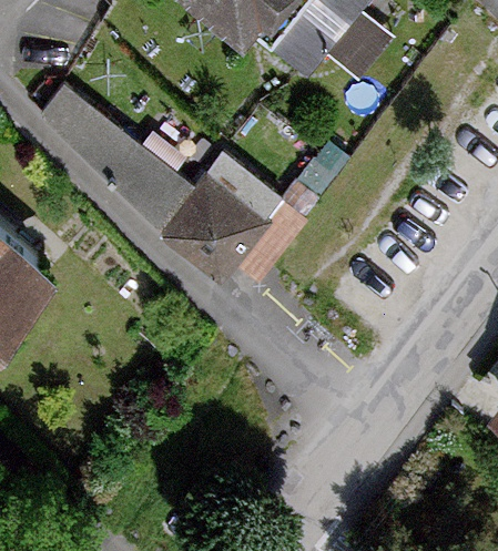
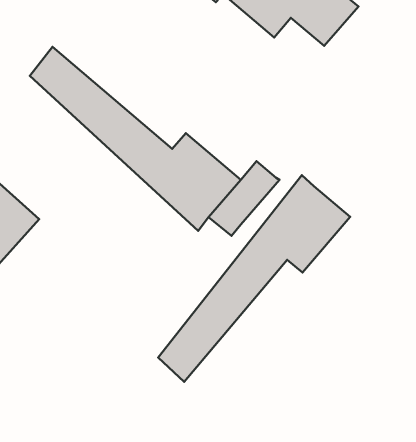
building: none -> [158,175,350,382]

